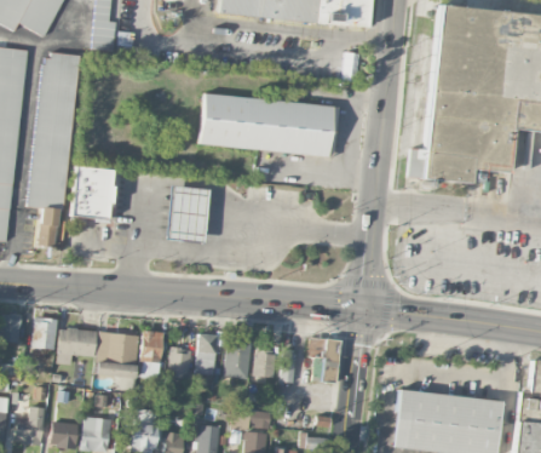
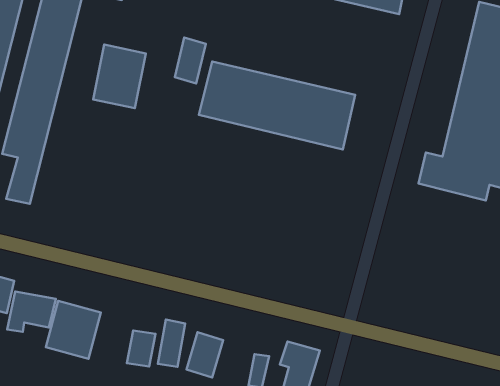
building: none -> [175,38,206,83]
building: [70,166,111,219] -> [93,45,146,108]
building: [166,185,207,240] -> none
building: [139,331,162,363] -> none
building: [253,349,275,377] -> none

